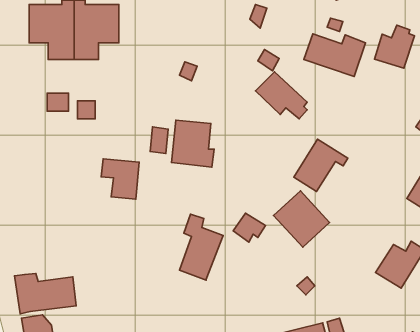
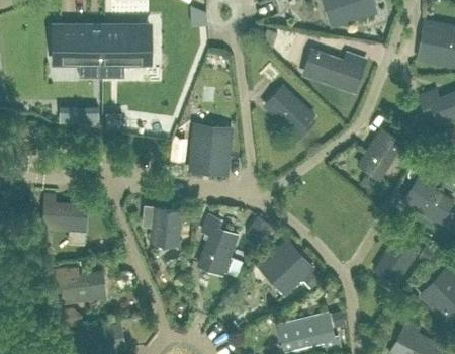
building: [374,25,415,68] -> none
building: [294,139,348,192] -> [360,129,408,177]
building: [101,159,139,199] -> [144,208,178,245]
building: [274,191,330,247] -> [263,242,313,292]
building: none -> [42,196,87,233]

